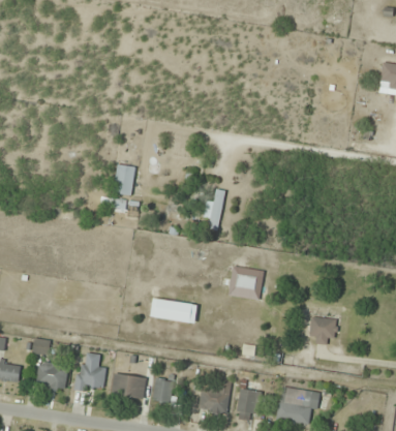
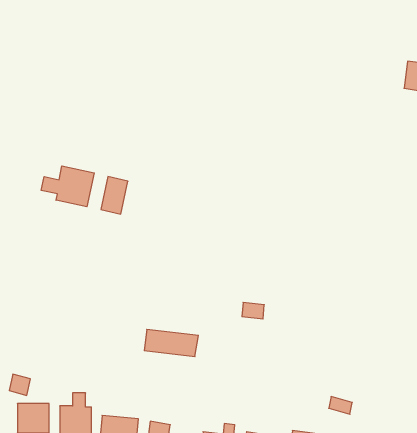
building: none -> [41,166,94,207]
building: [202,189,225,230] -> none
building: [310,317,336,341] -> none

